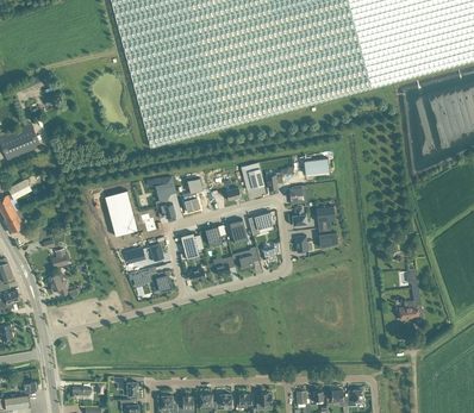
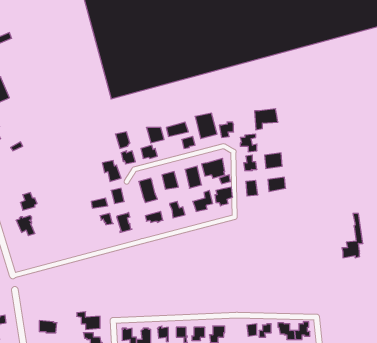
building: [100,190,137,238] -> none

